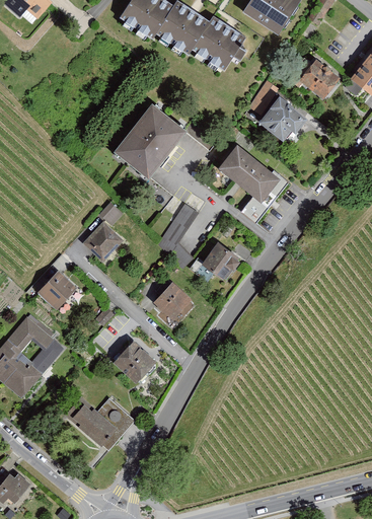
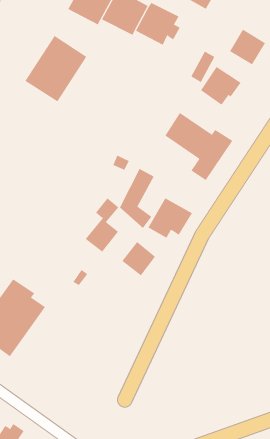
building: [111,102,183,177] -> [25,35,87,102]
building: [84,200,126,261] -> [85,198,119,253]
building: [38,269,77,308] -> none
building: [114,340,156,383] -> none
building: [64,394,137,450] -> none

